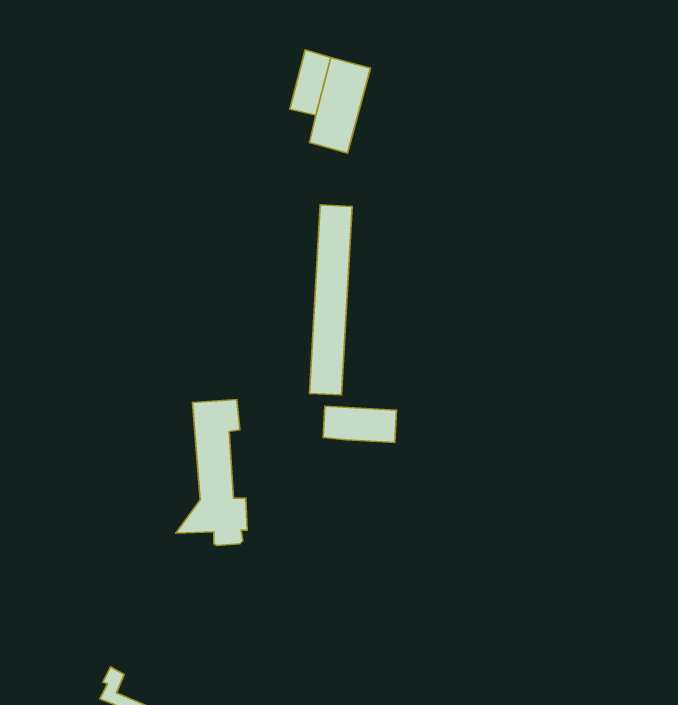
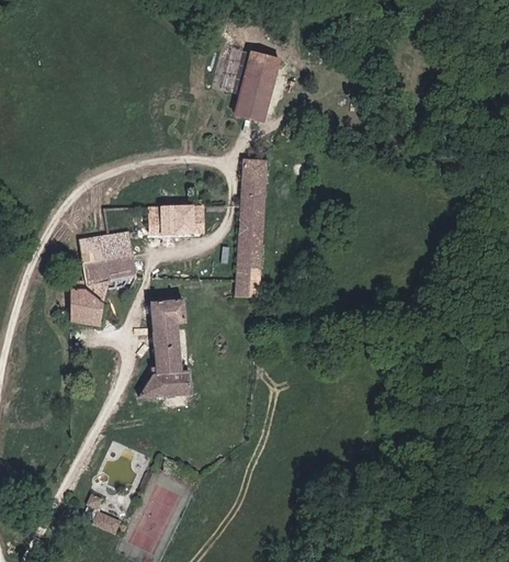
building: none -> [149,204,204,233]
building: none -> [70,232,137,324]
building: [323,406,397,443] -> none

